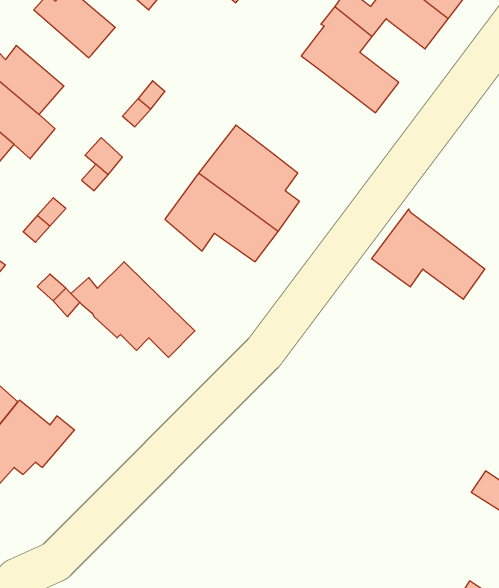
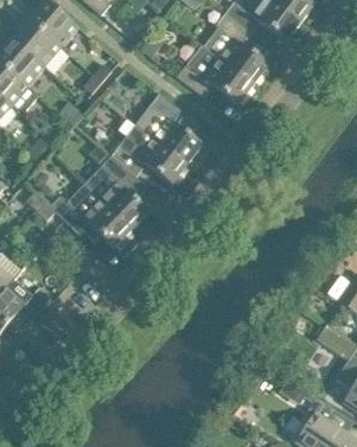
building: none -> [12,15,60,66]
building: [372,209,485,299] -> [177,44,253,104]
building: none -> [84,155,148,230]

